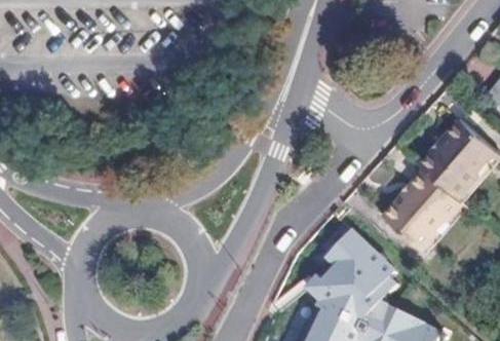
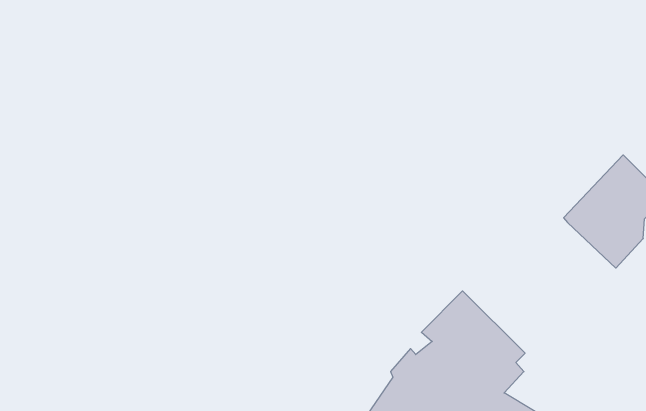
building: [384,172,464,252] -> none

